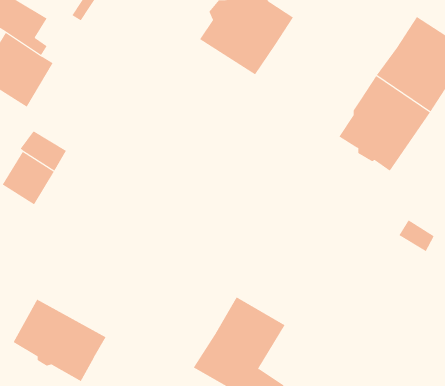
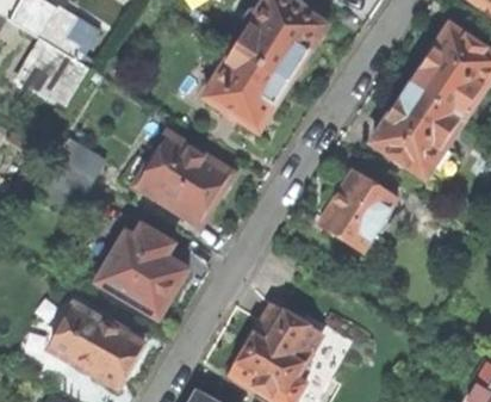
building: none -> [204,35,291,130]
building: none -> [123,130,230,223]
building: none -> [319,168,397,260]
building: none -> [98,222,186,315]

